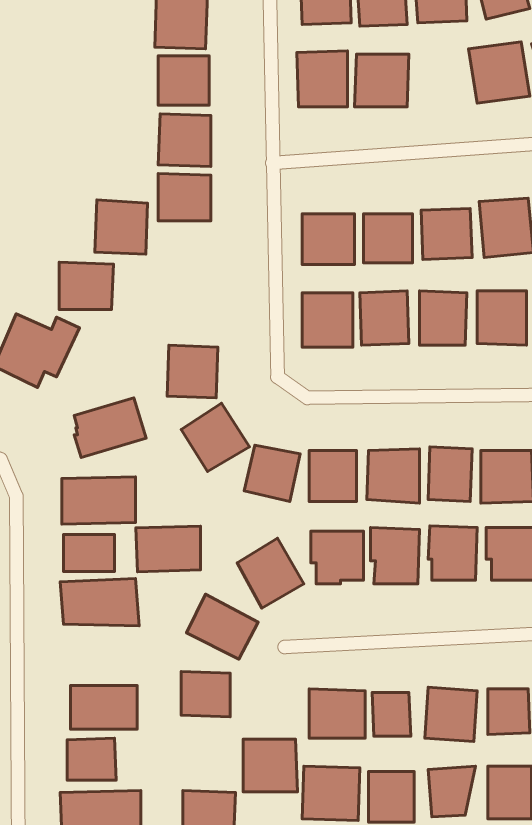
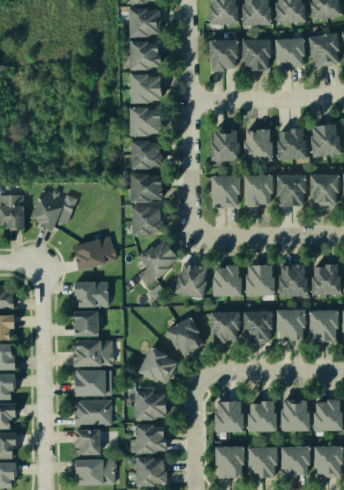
building: none -> [274,37,304,68]
building: [95,200,148,254] -> [128,139,158,170]
building: [59,262,113,310] -> [129,174,160,201]
building: [136,526,201,572] -> [71,369,108,395]
building: [243,739,297,792] -> [138,425,169,455]

